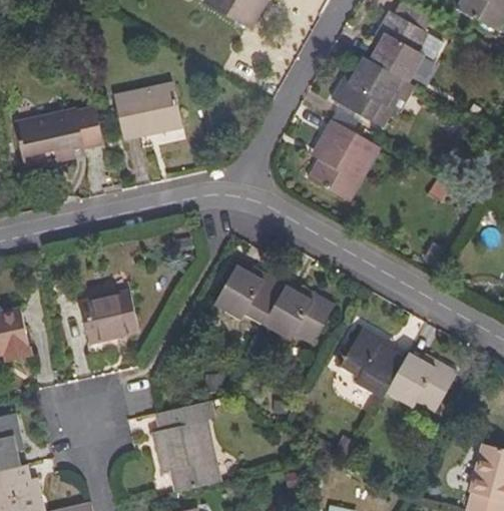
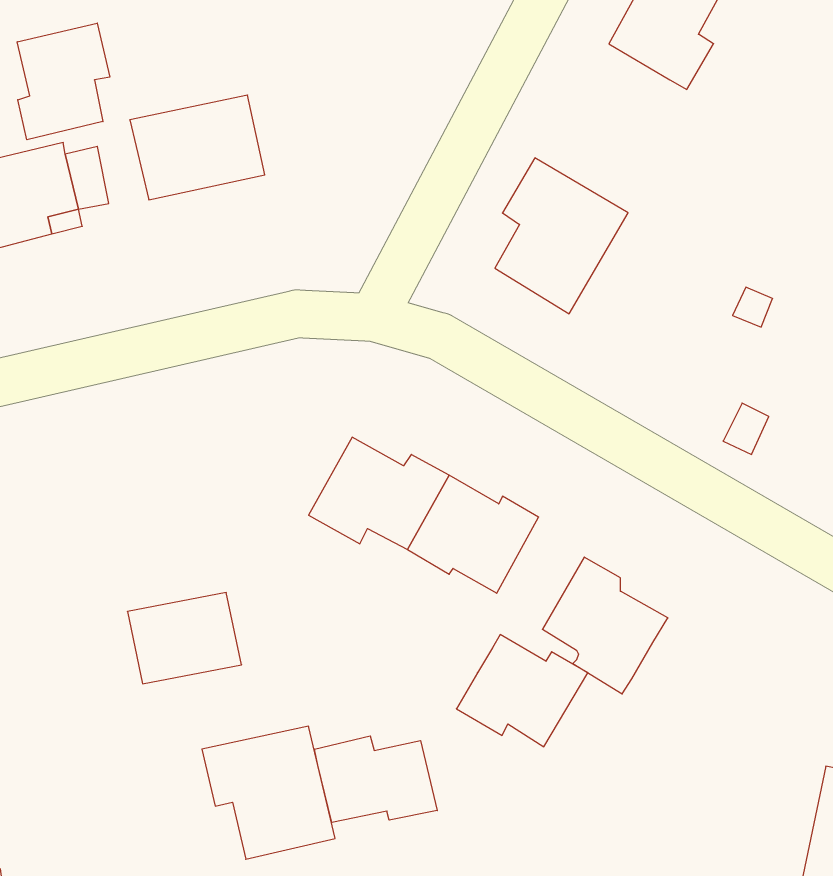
building: none -> [17,23,110,140]
building: [330,55,400,119] -> none
building: [81,290,141,338] -> [127,593,242,684]
building: [380,353,449,412] -> [456,635,588,747]
building: none -> [314,736,437,823]

